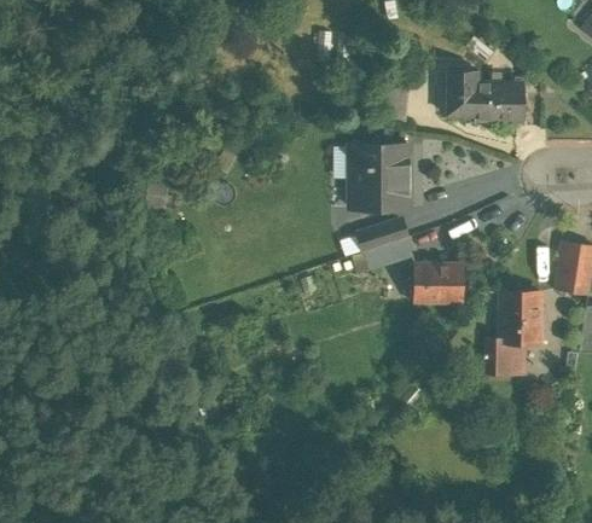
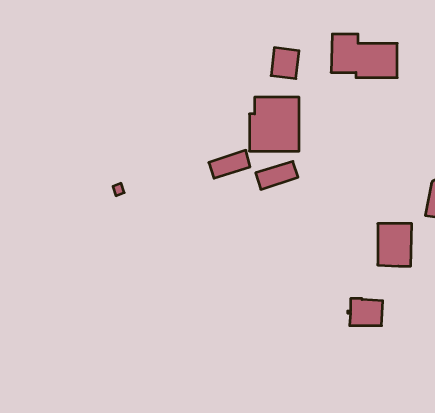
building: [365,238,413,271] -> [209,150,250,178]
building: [413,265,463,303] -> none
building: [484,339,526,371] -> [348,299,383,326]

